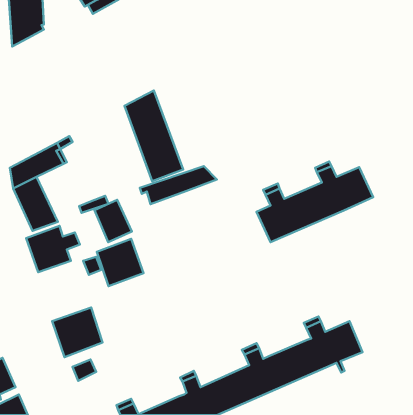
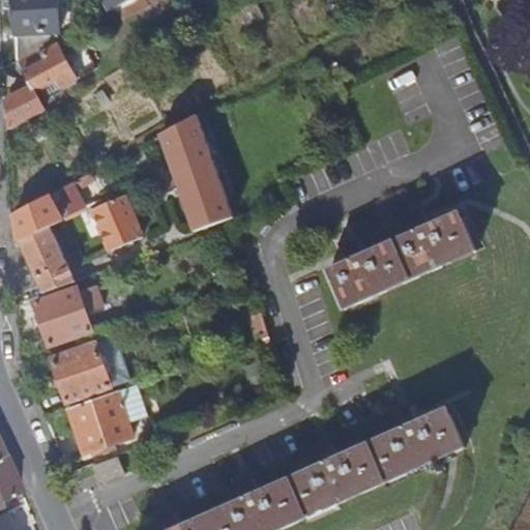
building: none -> [4,43,75,128]
building: [140,166,217,204] -> none
building: [94,200,132,242] -> [91,195,139,248]
building: [97,239,143,286] -> [51,343,110,403]

